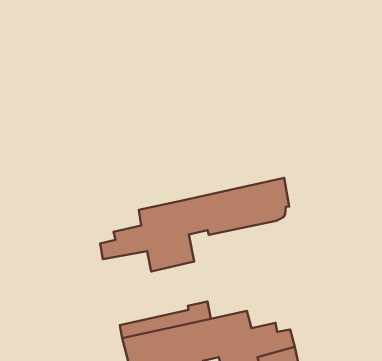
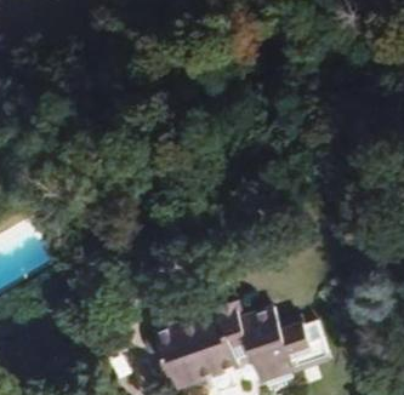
building: [100,178,289,271] -> none

